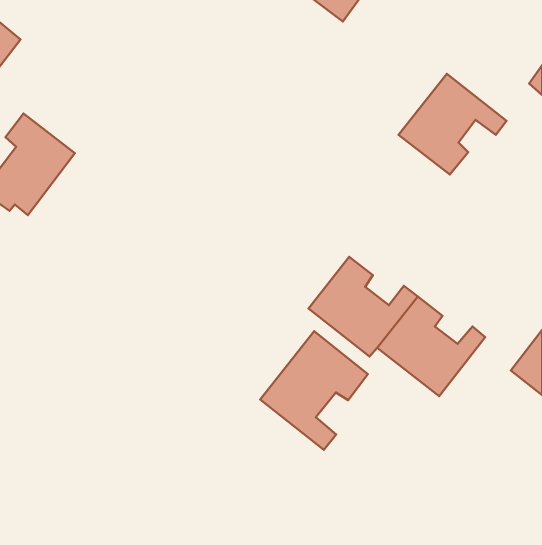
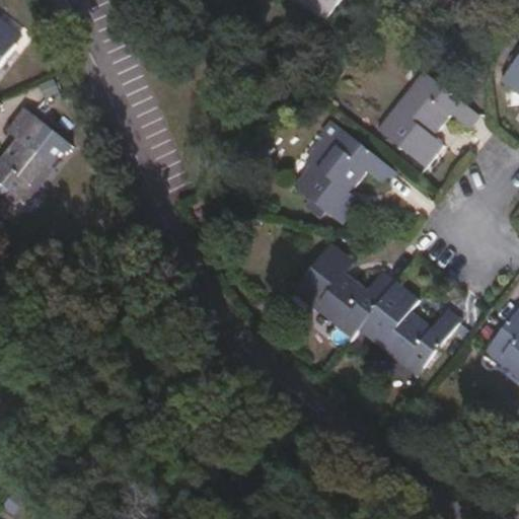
building: none -> [294,128,395,223]
building: [260,331,368,450] -> none

